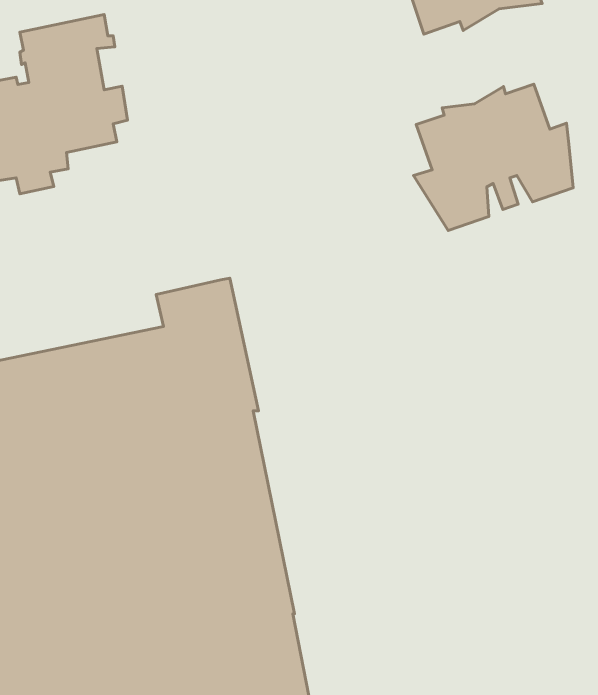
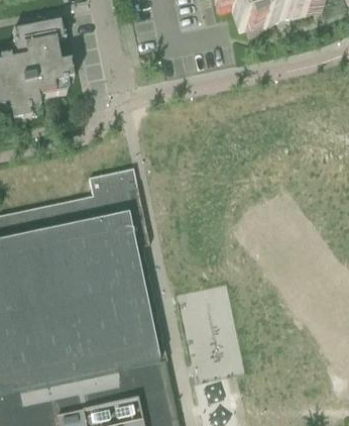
building: [414,84,573,231] -> none

